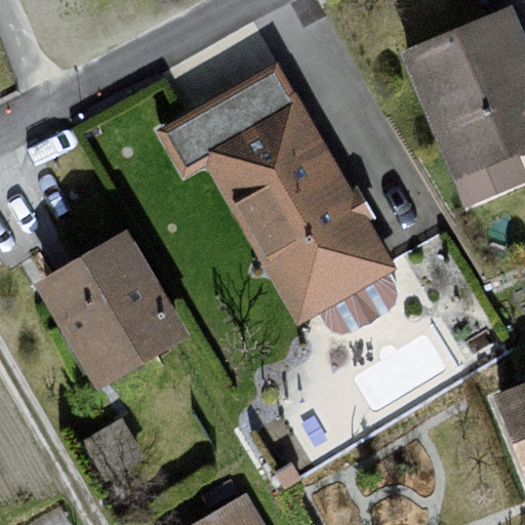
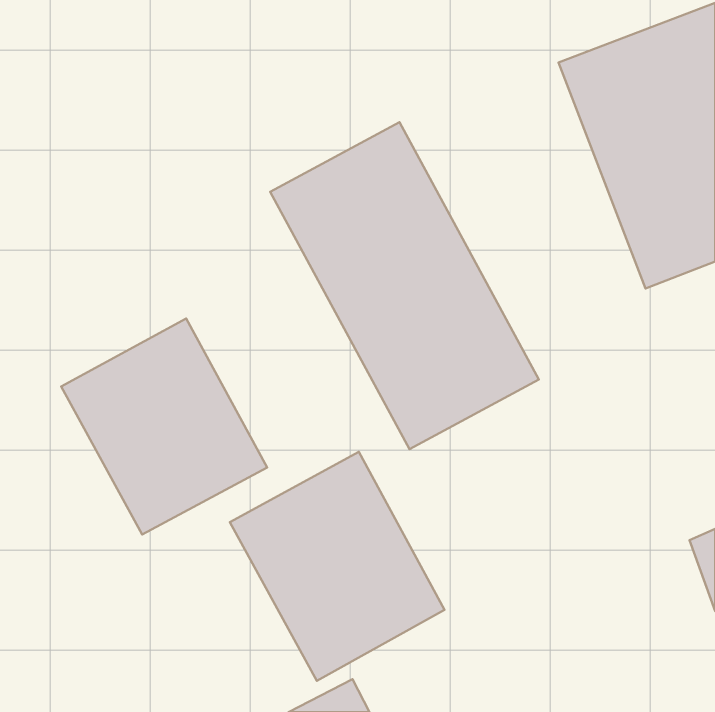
building: none -> [230,452,445,681]

